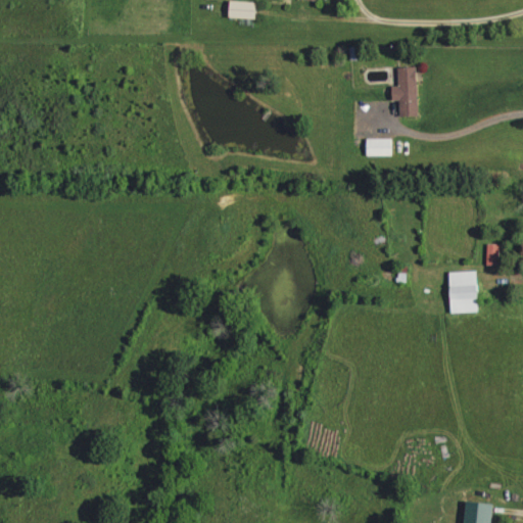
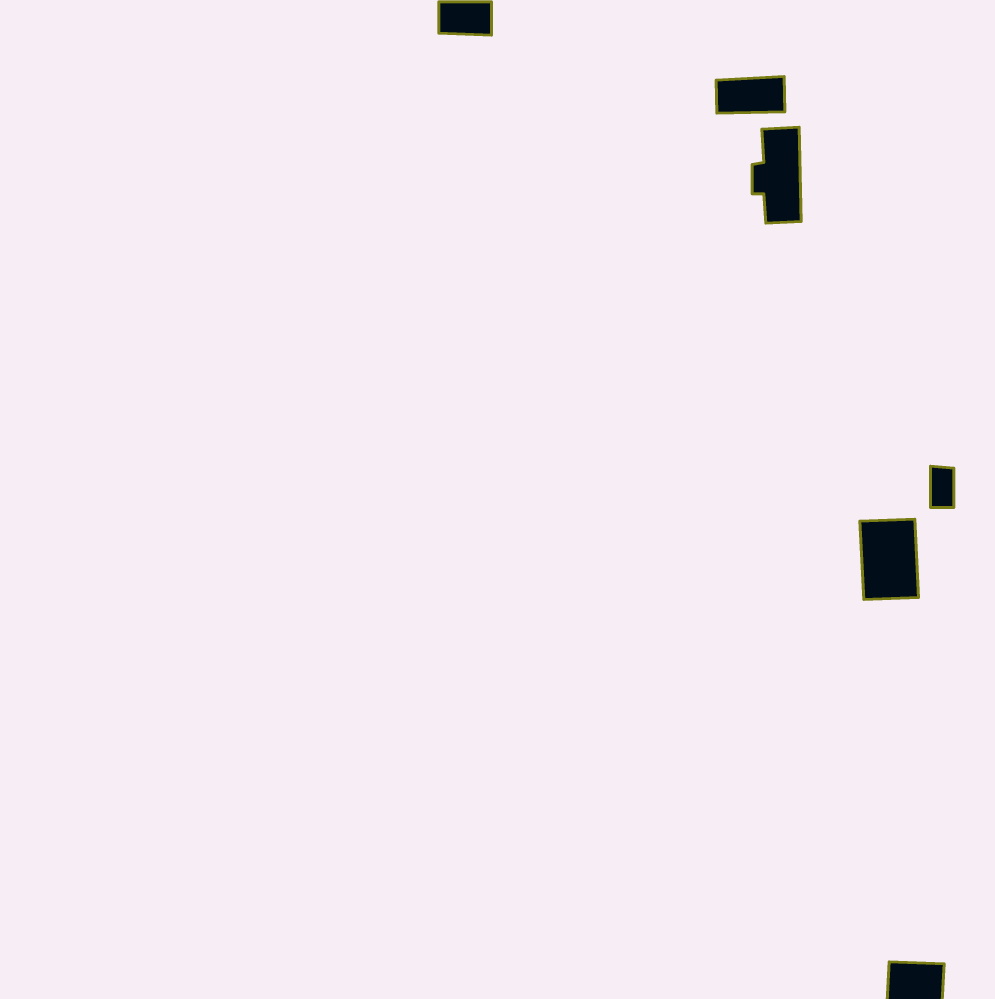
building: none -> [716,77,785,113]
building: [366,139,391,156] -> none

